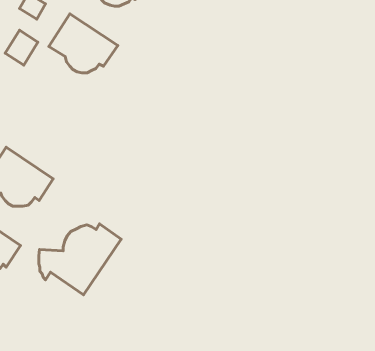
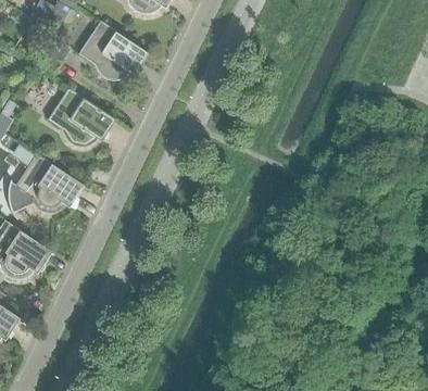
building: none -> [46,86,114,144]
building: [39,224,121,295] -> none

